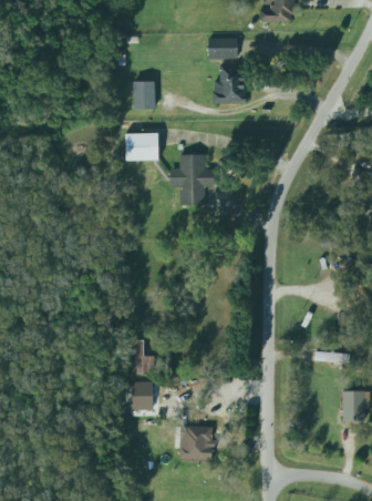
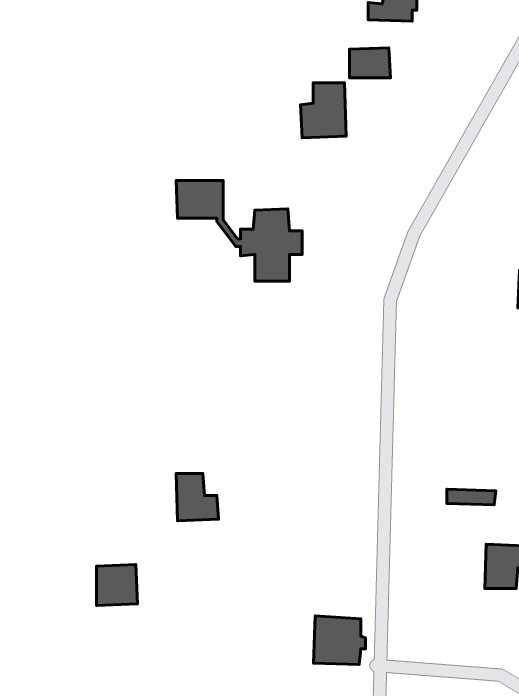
building: [209,38,238,59] -> [349,48,390,78]
building: [133,81,156,110] -> none
building: [125,381,154,410] -> [97,565,137,606]
building: [179,426,216,460] -> [314,616,366,665]

